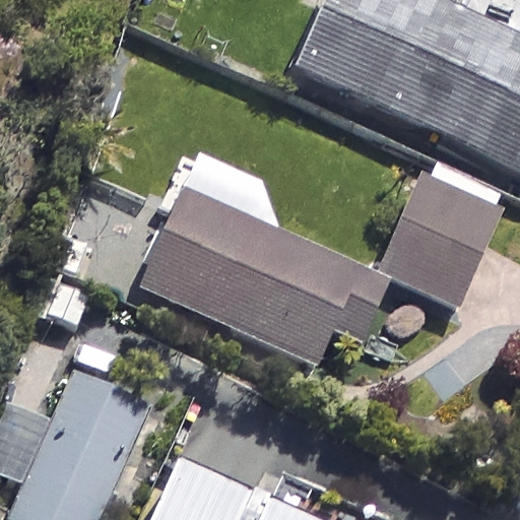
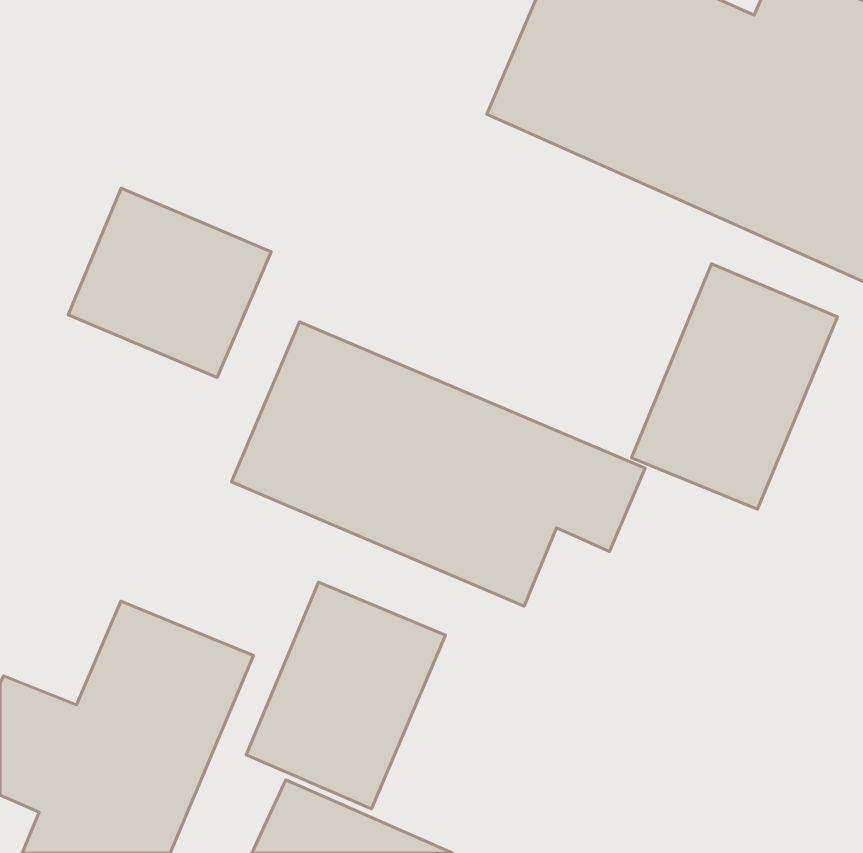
building: none -> [68,188,271,377]
building: none -> [246,582,445,809]

